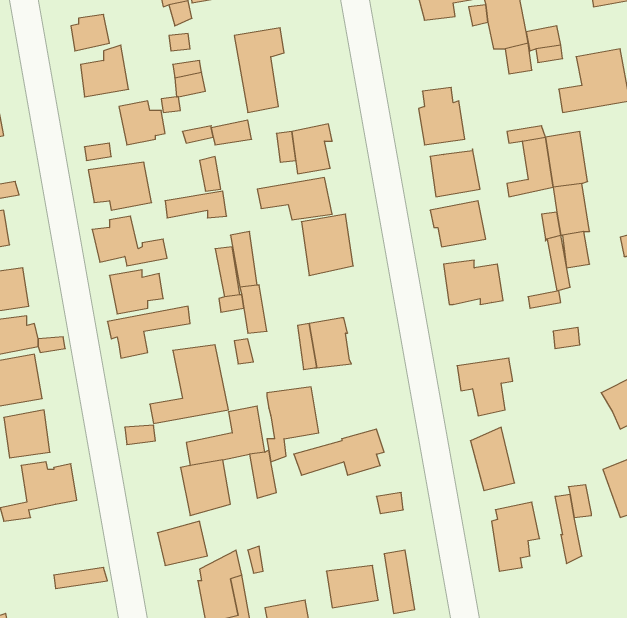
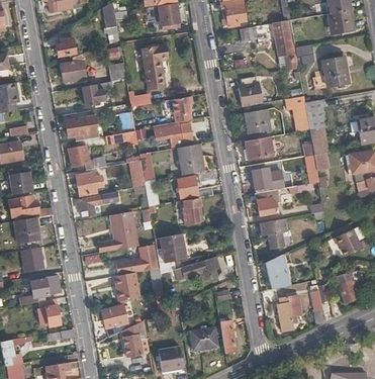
building: none -> [177,174,213,198]
building: none -> [255,189,279,215]
building: none -> [36,298,60,325]

